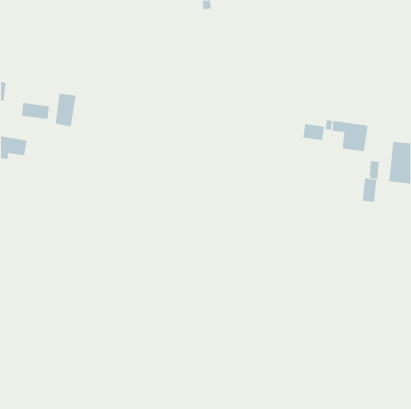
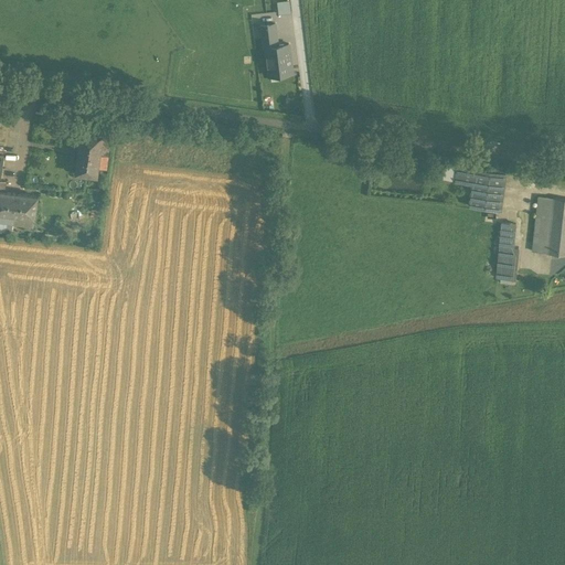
building: none -> [260,24,292,77]
building: [21,102,50,120] -> none
building: [303,123,325,141] -> none

